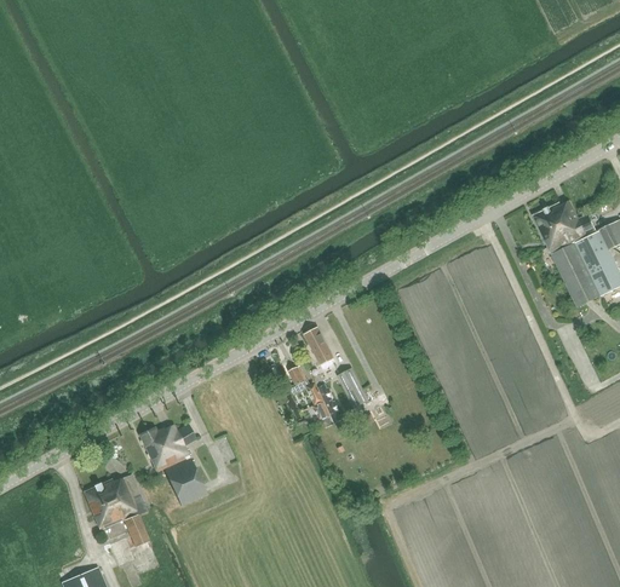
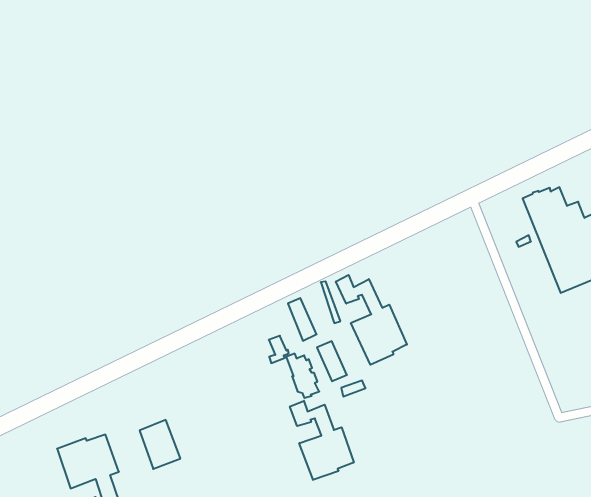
building: none -> [336,275,407,365]
building: [139,424,196,472] -> none
building: none -> [290,401,354,480]

